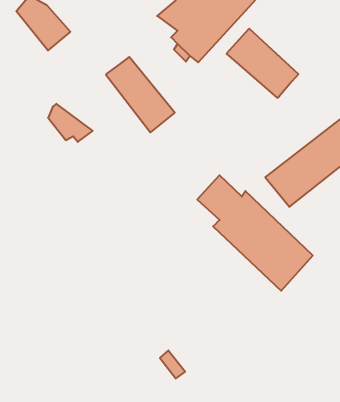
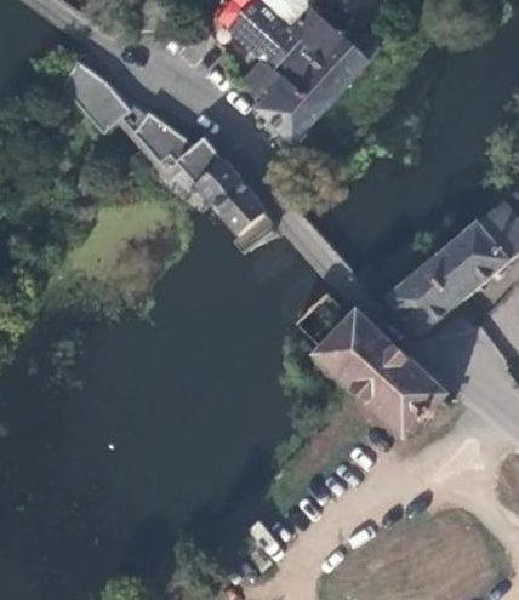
building: [227,29,298,98] -> none
building: [48,104,93,142] -> [138,109,196,159]

